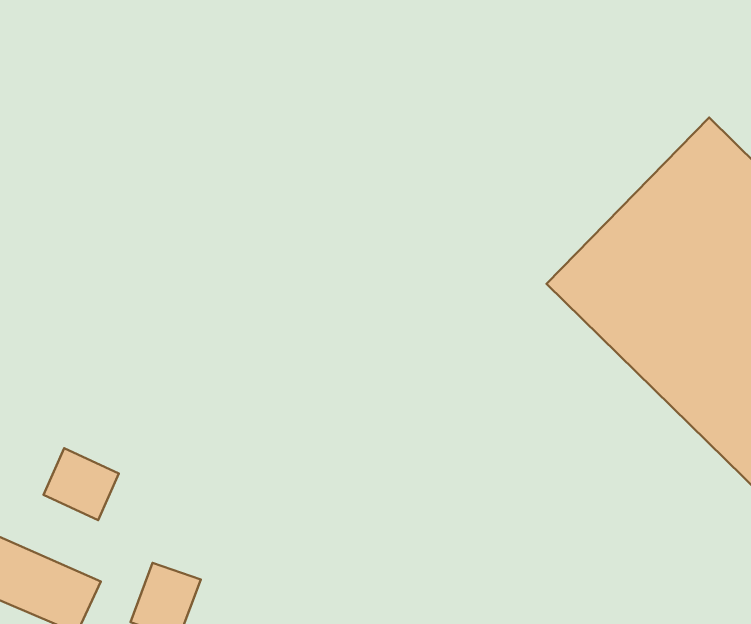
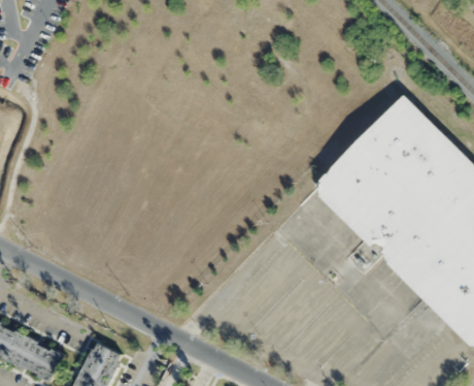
building: [44,448,119,520] -> none

